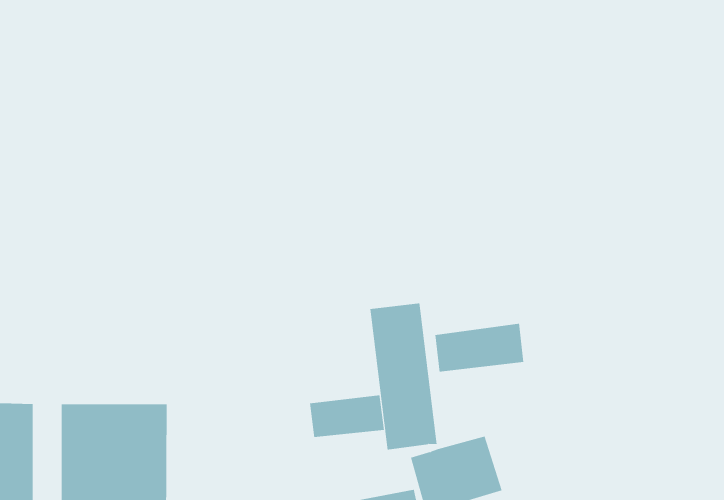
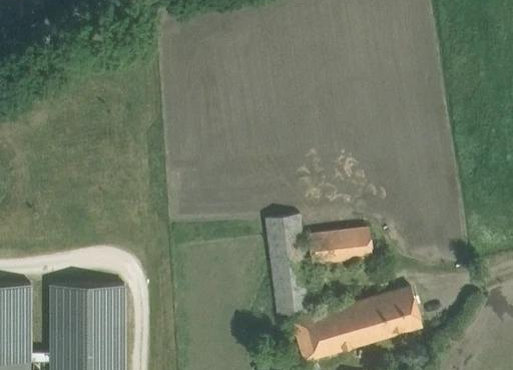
building: [309,394,385,438] -> none
building: none -> [344,287,421,345]

